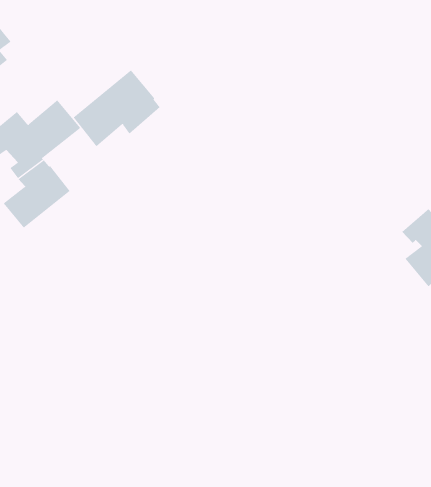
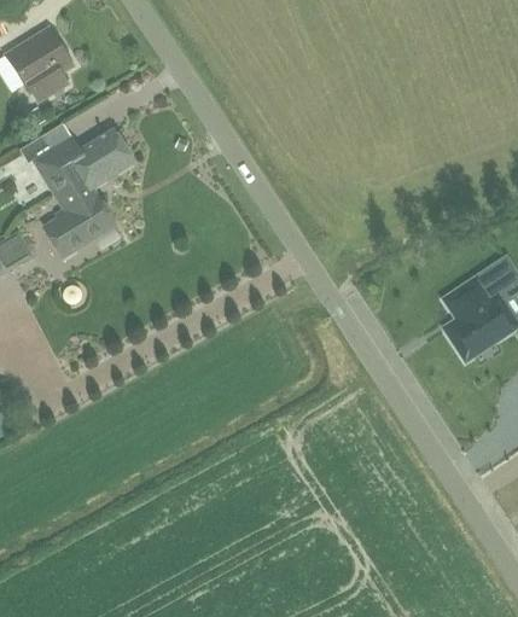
building: [73,70,160,147] -> none

